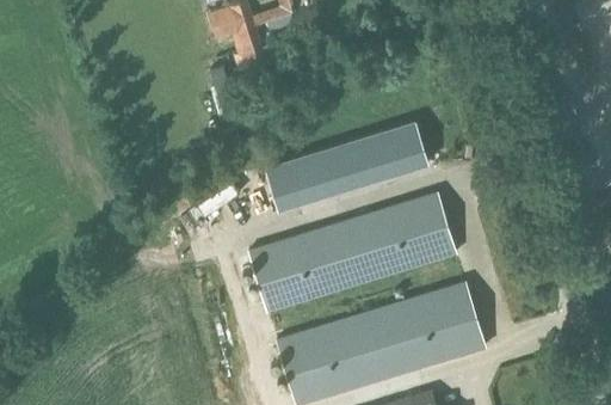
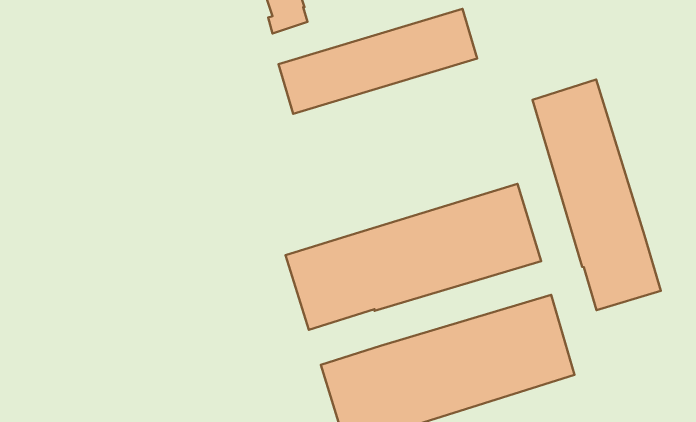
building: none -> [532,79,661,310]
building: [266,122,428,208] -> [279,9,477,114]

